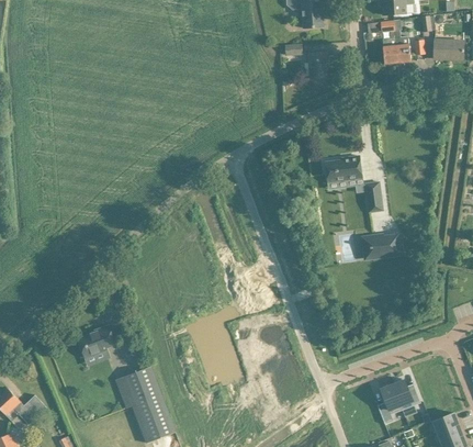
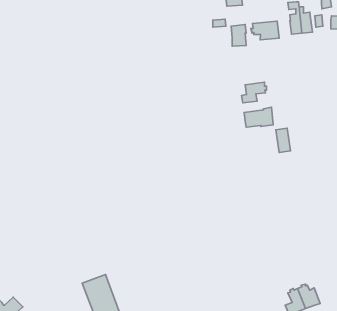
building: none -> [251,21,279,40]
building: none -> [242,82,267,103]
building: [360,232,404,260] -> none
building: [77,325,114,357] -> none

